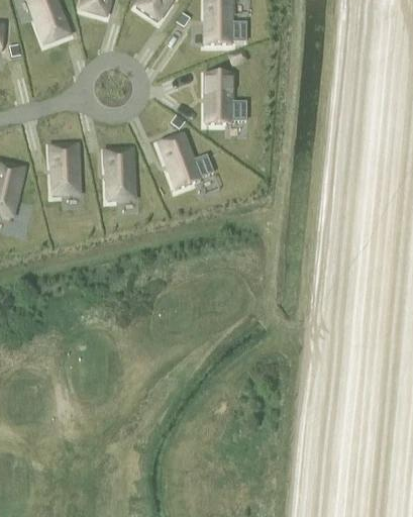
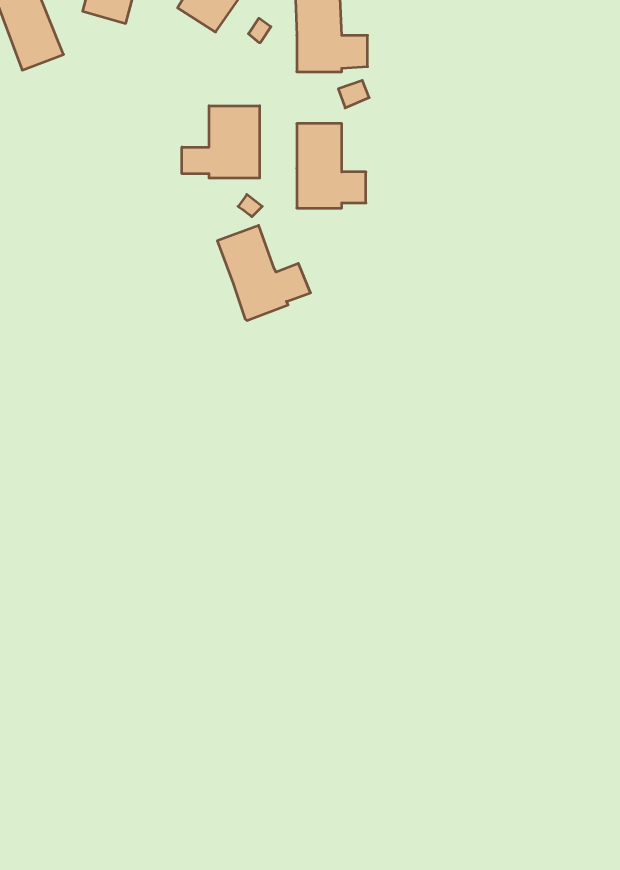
building: none -> [182,106,260,178]
building: [50,143,78,194] -> none
building: [105,148,133,198] -> none

